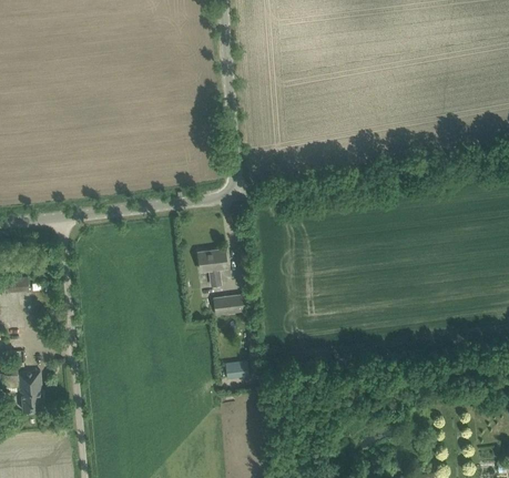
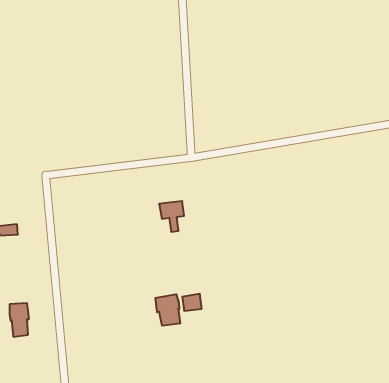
building: [212,294,245,314] -> none
building: none -> [155,294,180,326]

